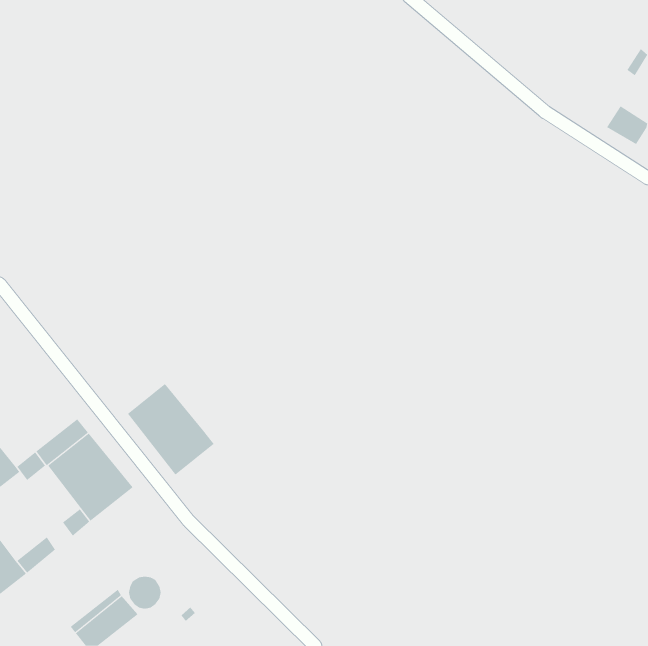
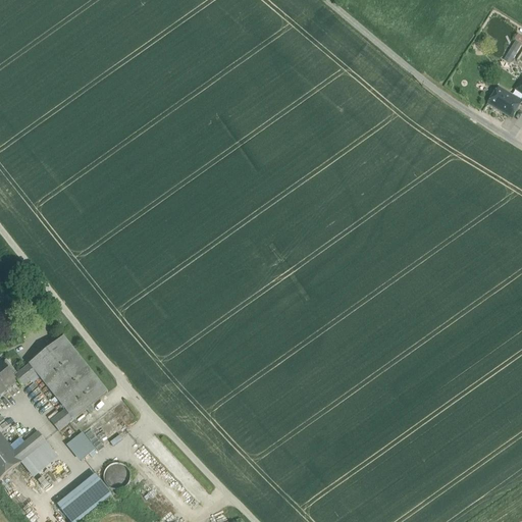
building: [127,383,215,475] -> none
building: none -> [66,428,95,457]
building: none -> [21,440,55,472]

